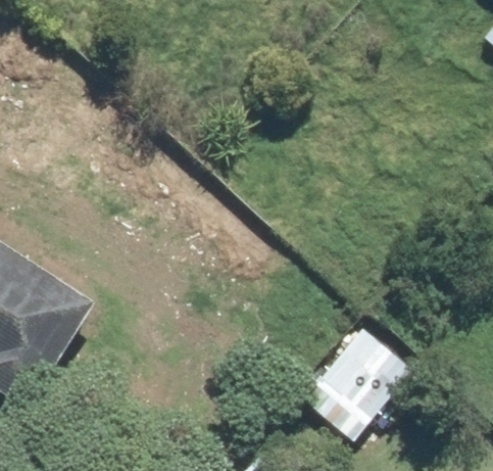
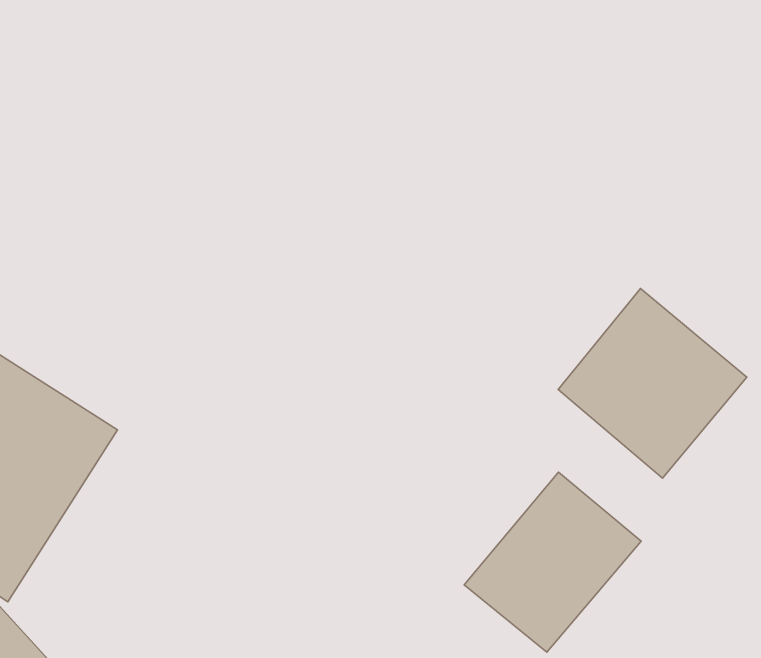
building: none -> [558,289,747,478]

